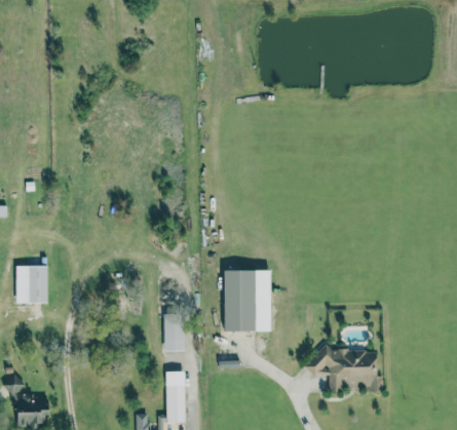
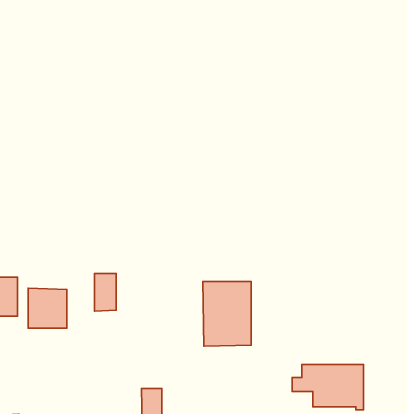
building: none -> [28,288,67,328]
building: [164,315,185,351] -> [95,273,116,311]

